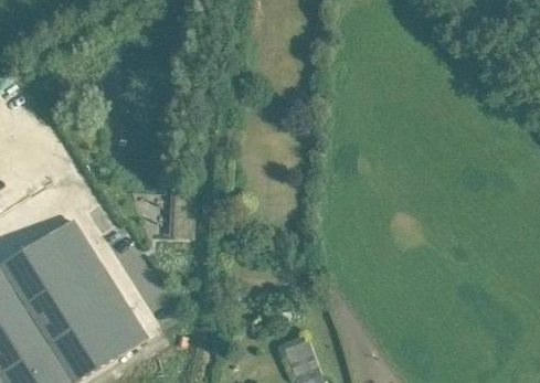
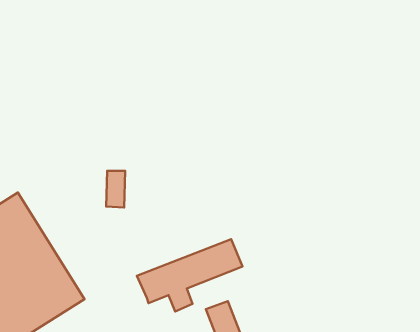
building: none -> [137,239,243,311]

